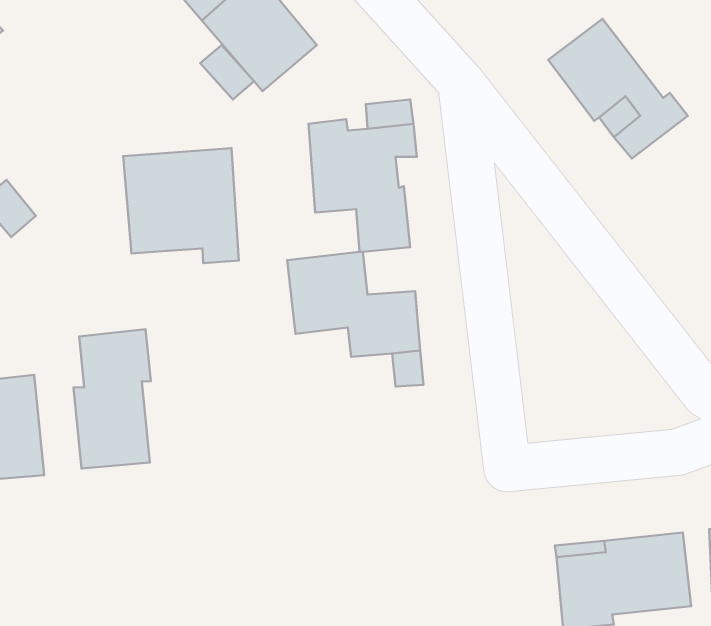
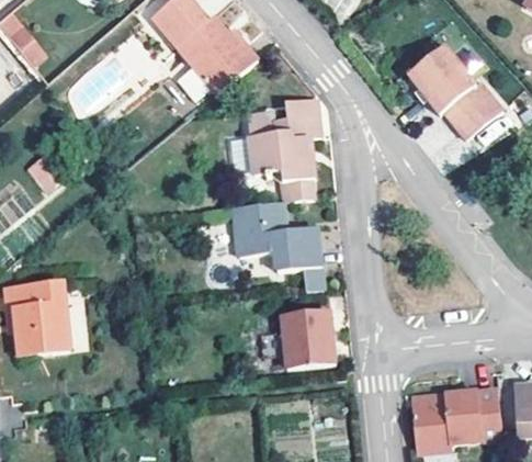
building: [123,148,239,263] -> none
building: [74,329,151,469] -> none
building: none -> [281,311,335,367]

